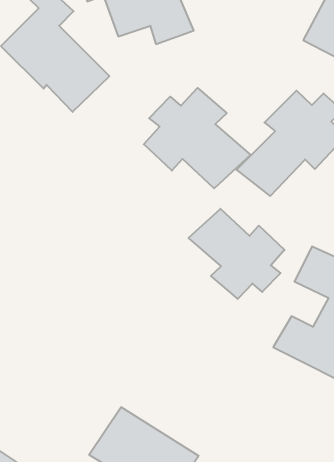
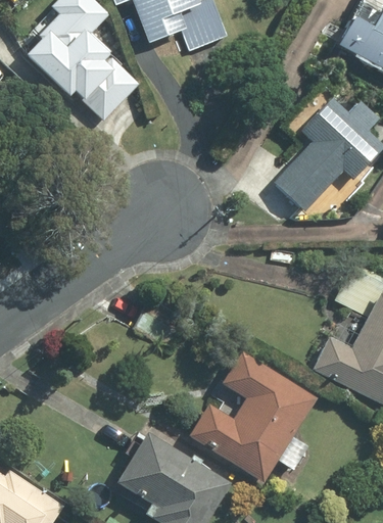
building: [144,88,251,188] -> none
building: [189,209,285,299] -> none
building: none -> [190,352,319,483]

